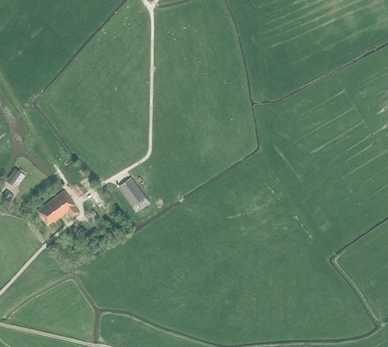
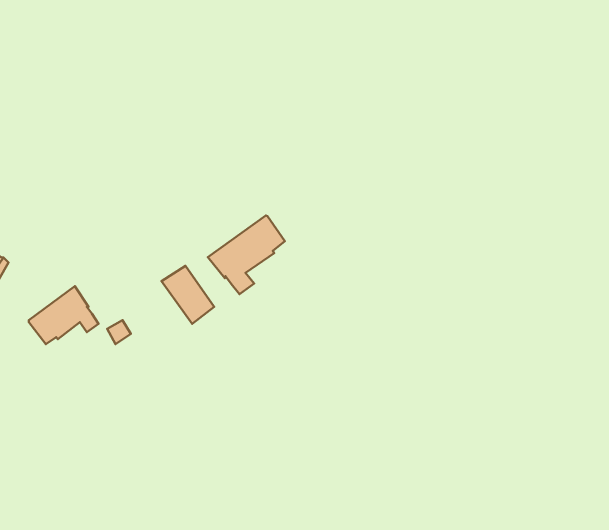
building: none -> [208,216,285,294]

